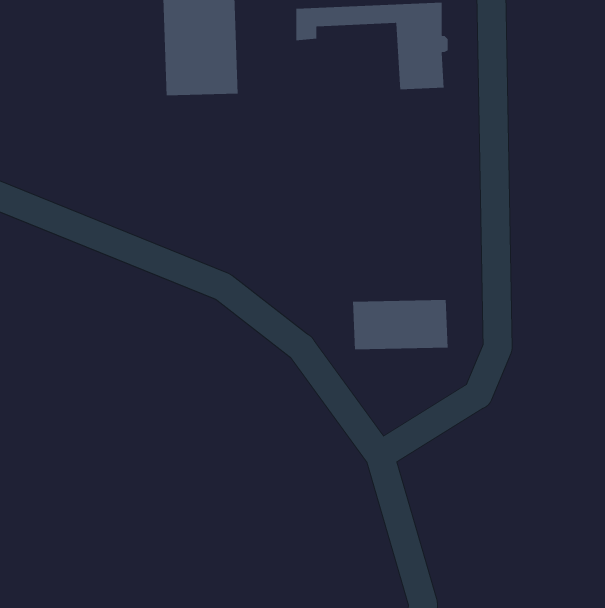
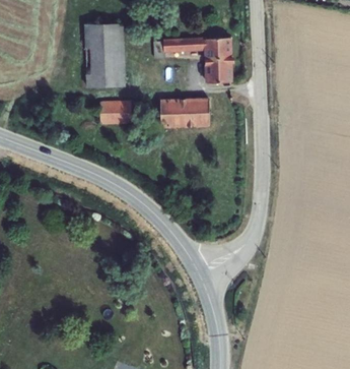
building: none -> [93,102,131,123]
building: [352,299,449,350] -> [159,100,209,126]

